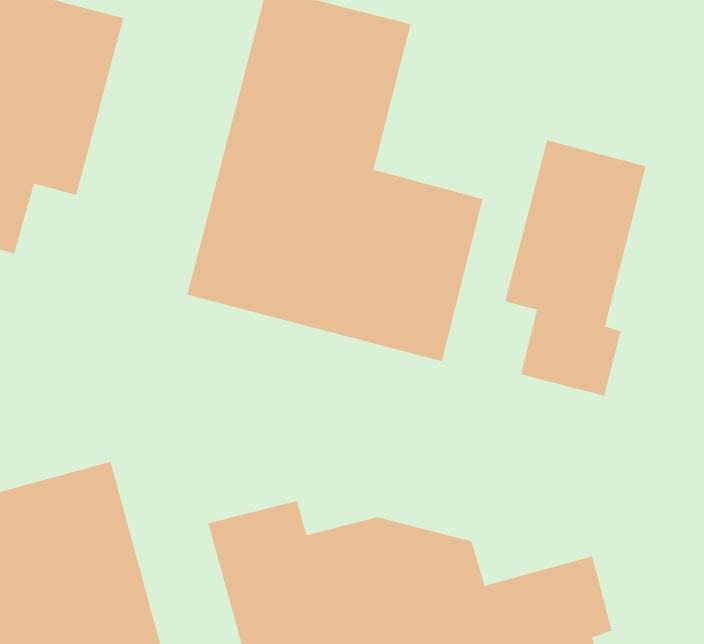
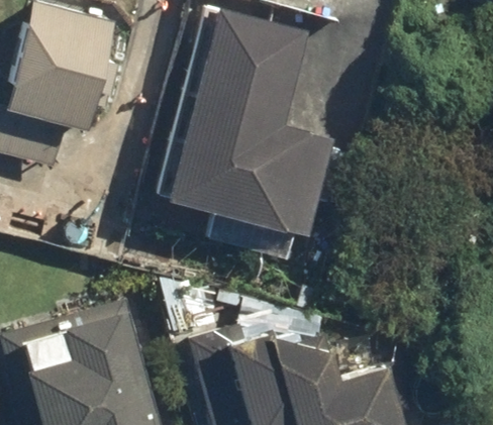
building: [504,139,646,397] -> none

